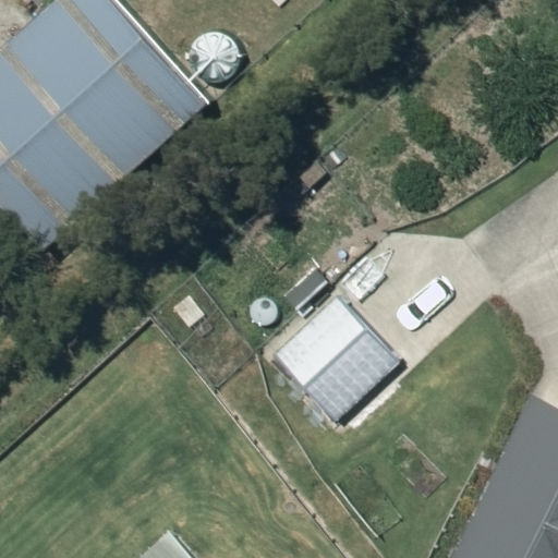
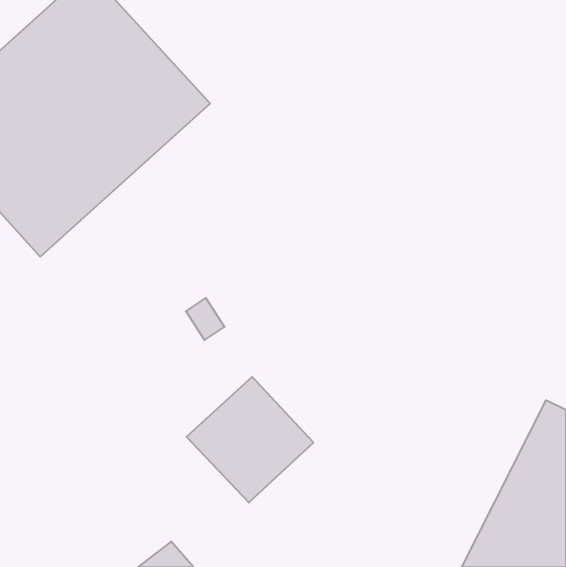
building: [275,298,399,421] -> [187,377,313,503]

